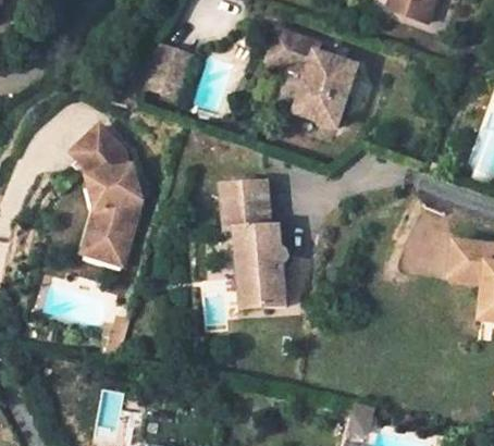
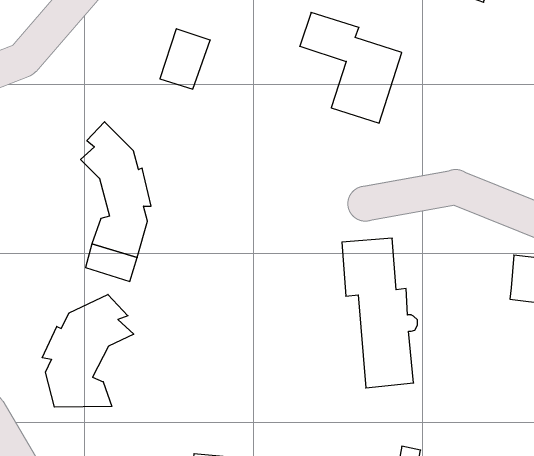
building: [221,182,286,311] -> [342,238,417,388]
building: none -> [42,294,134,407]

